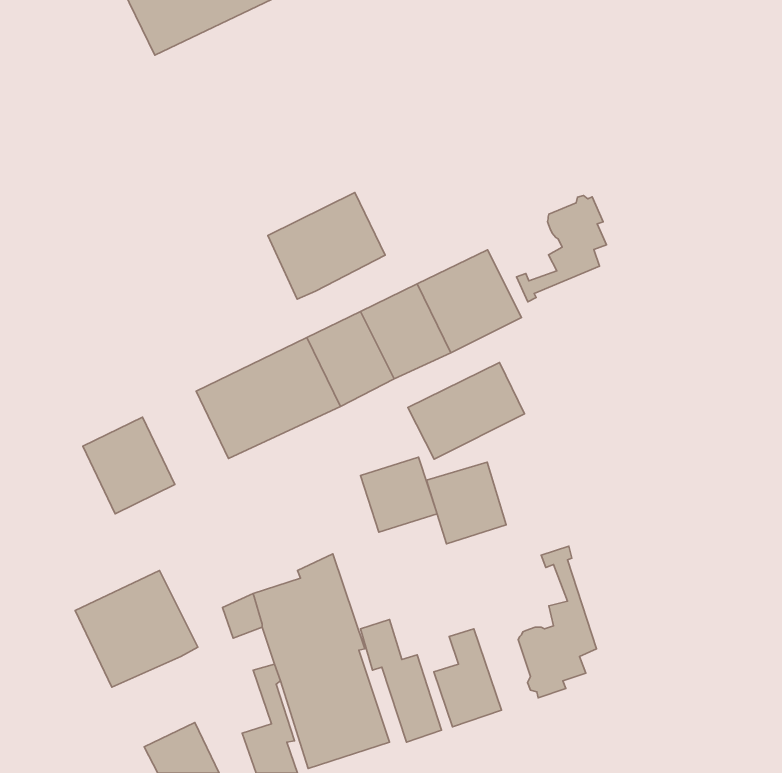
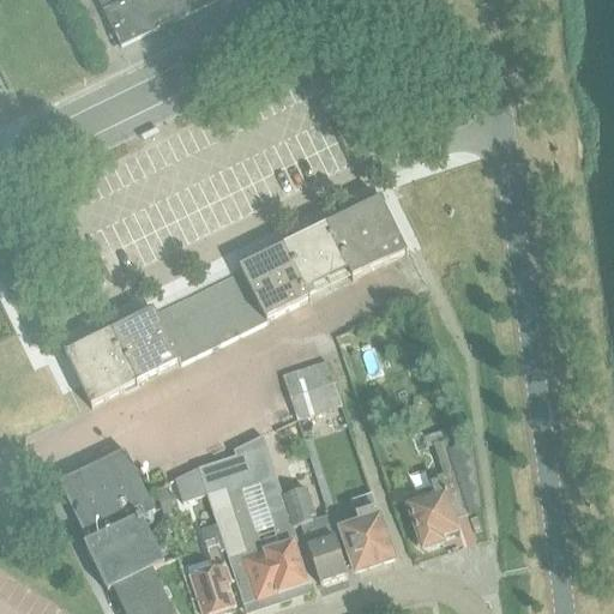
building: [268,193,385,299] -> none
building: [517,195,607,302] -> none
building: [408,363,524,459] -> none
building: none -> [112,306,179,379]
building: [426,462,506,544] -> none
building: none -> [84,513,164,586]

